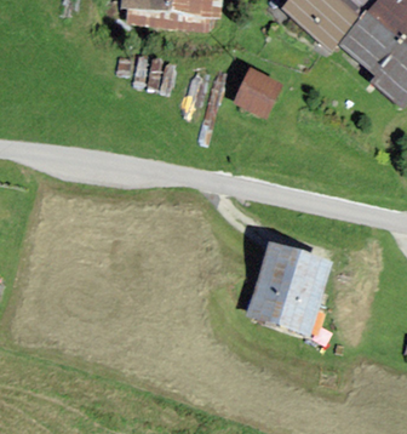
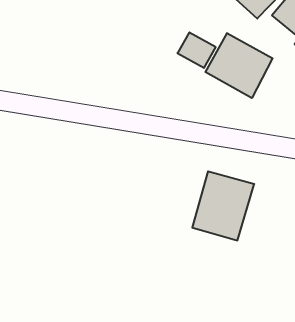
building: none -> [205,33,273,98]

